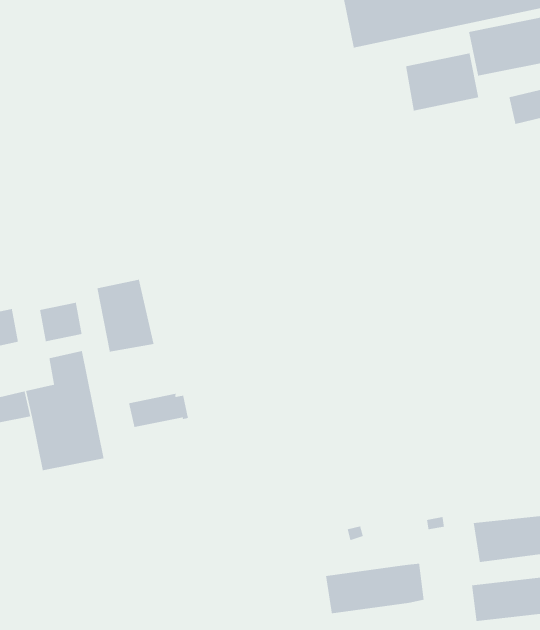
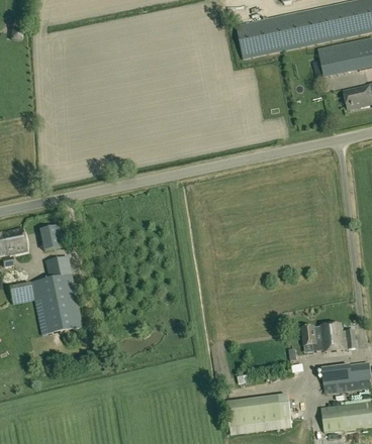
building: [405,53,479,111] -> none
building: [97,279,154,353] -> none
building: [128,393,189,428] -> none
building: none -> [301,323,357,352]

